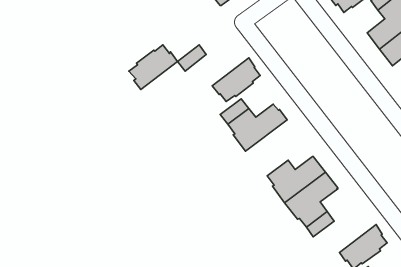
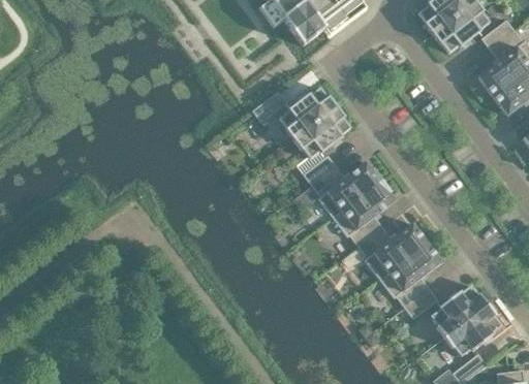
building: [129,45,177,89] -> [278,87,336,139]
building: none -> [332,180,395,246]
building: none -> [429,285,487,337]

